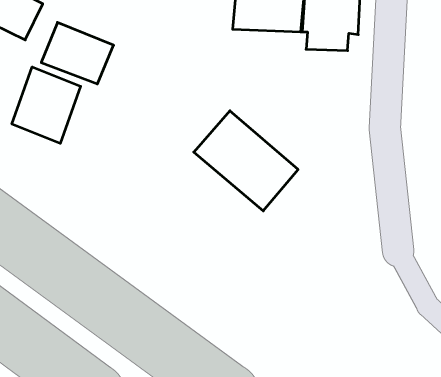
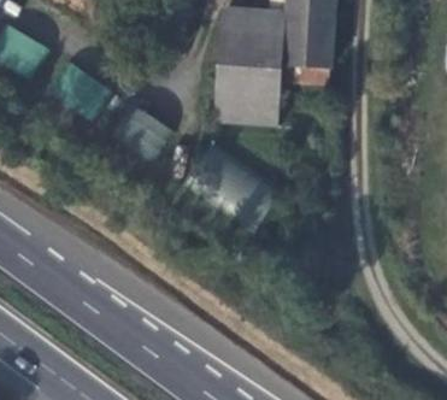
building: none -> [216,65,281,124]
building: [12,67,81,143] -> none
building: none -> [114,100,175,159]

